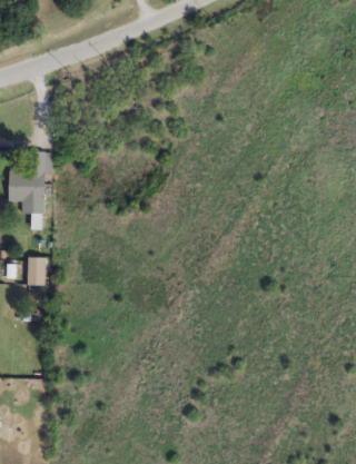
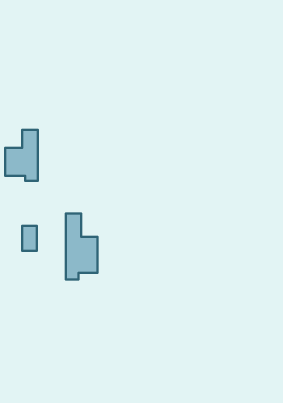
building: none -> [66,213,98,279]

